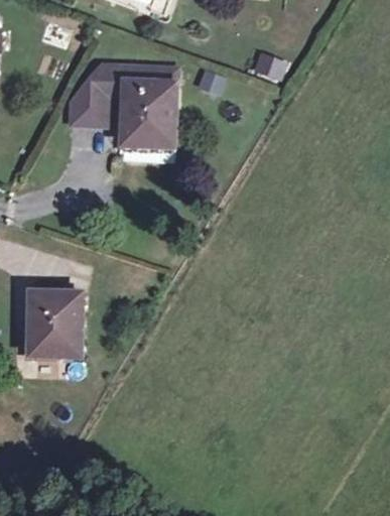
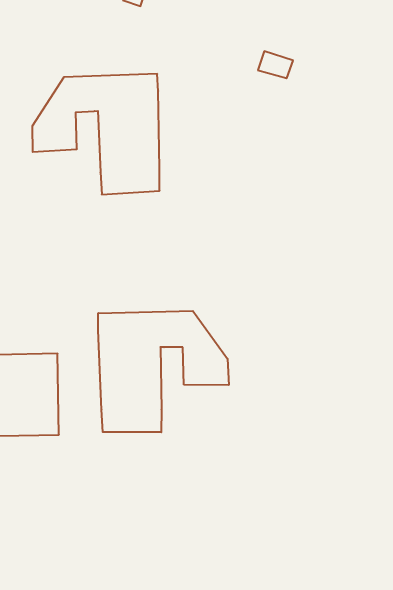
building: none -> [98,311,229,432]

